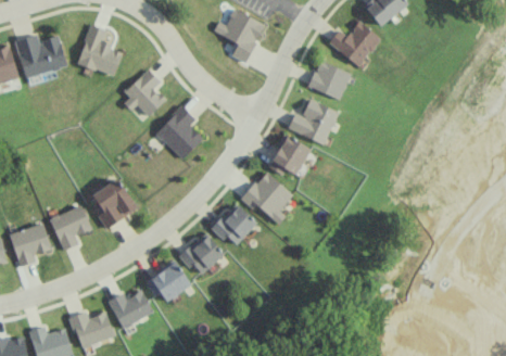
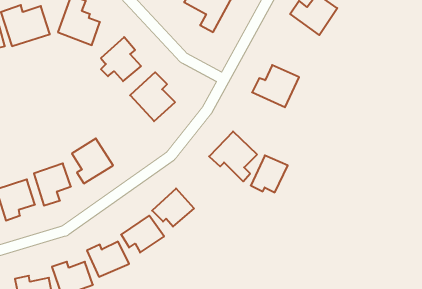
building: [308,61,350,99] -> none
building: [269,136,309,176] -> [251,155,288,192]
building: [211,203,256,244] -> none

